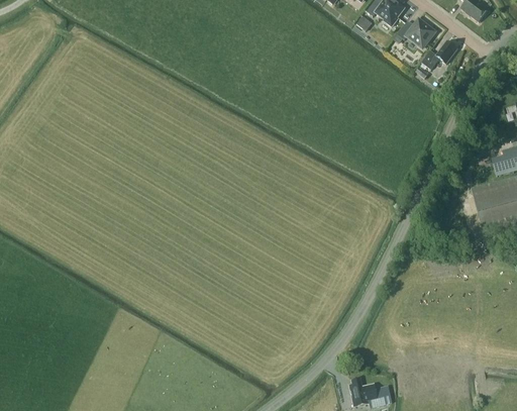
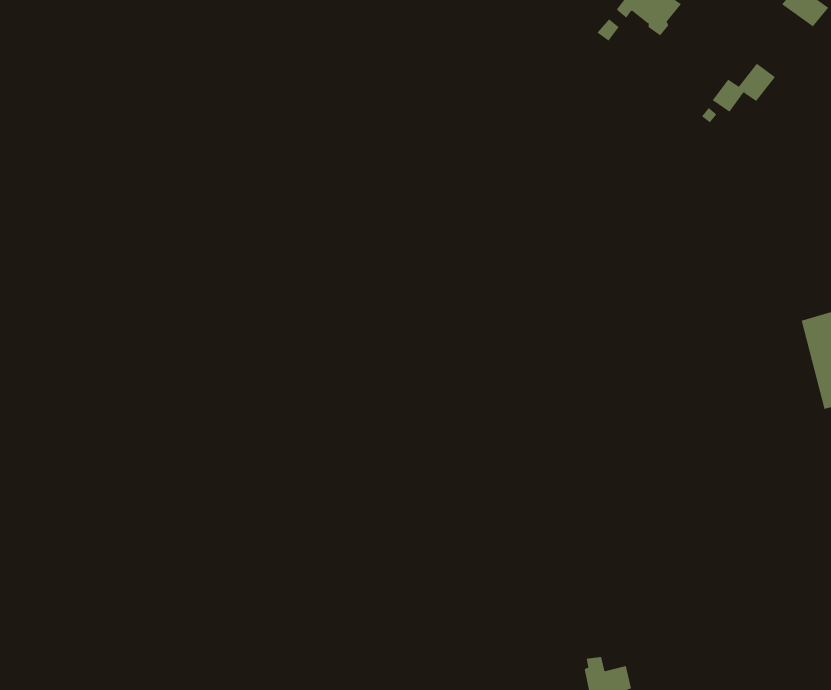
building: [400,19,437,47] -> none

